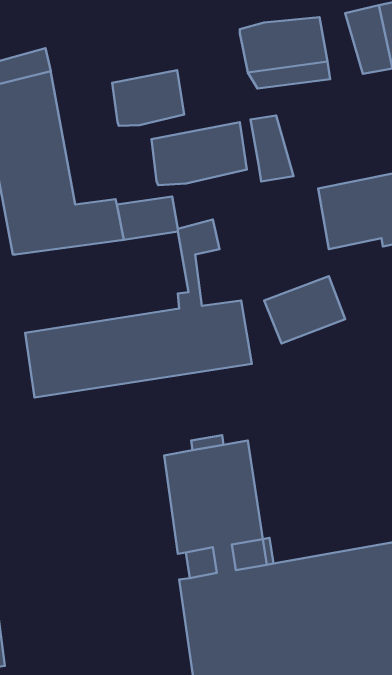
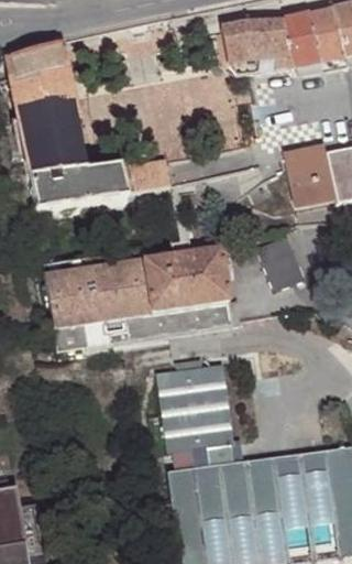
building: [112,70,184,126] -> none
building: [250,116,294,182] -> [285,12,320,66]
building: [152,122,247,185] -> none

